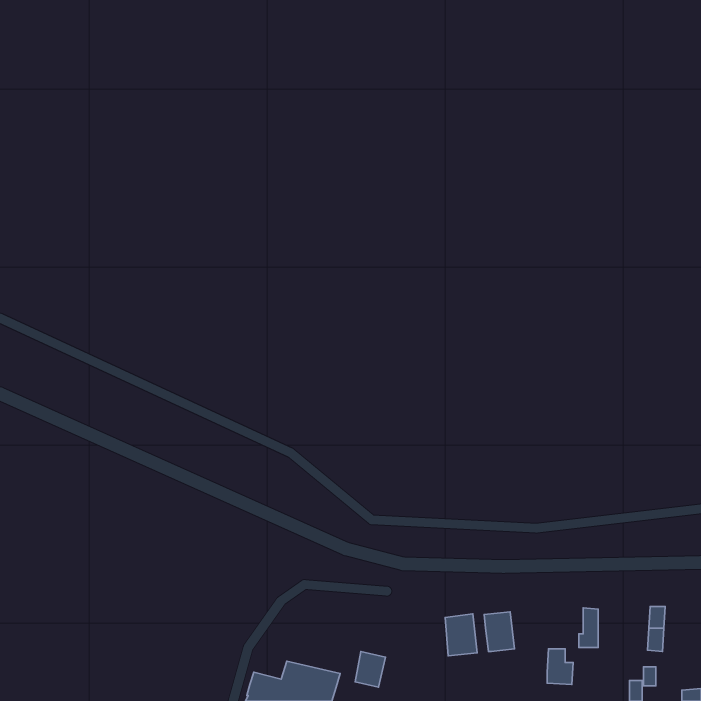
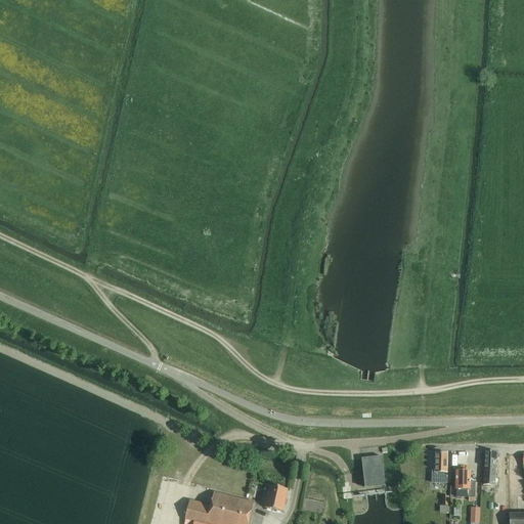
building: [445,614,477,656] -> none
building: [547,649,573,685] -> [455,472,475,498]

